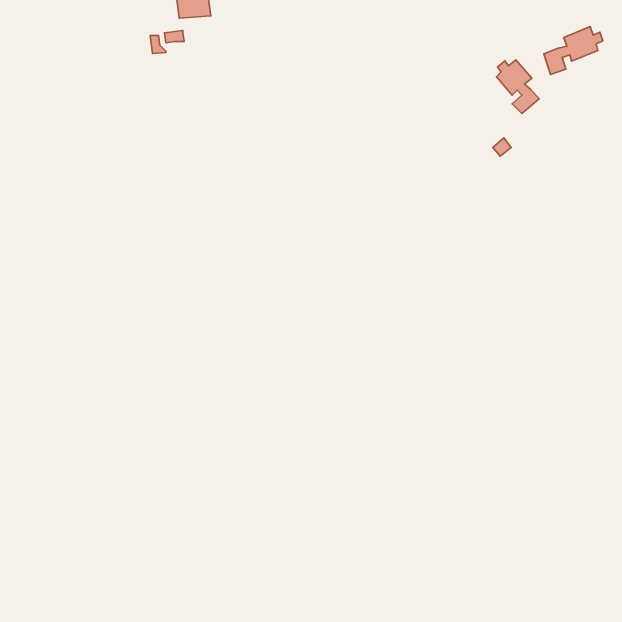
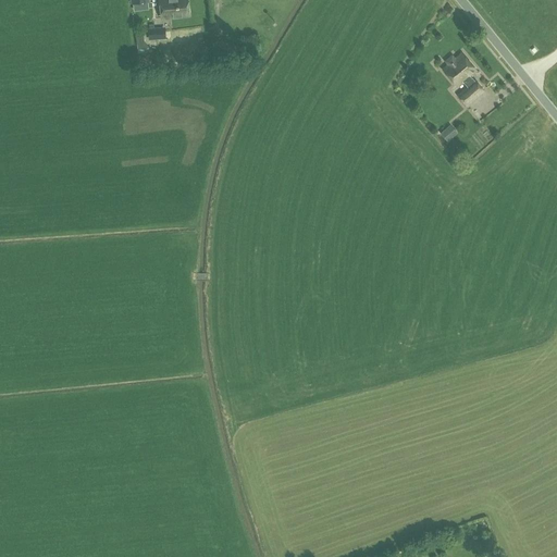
building: [544,27,603,75] -> none

